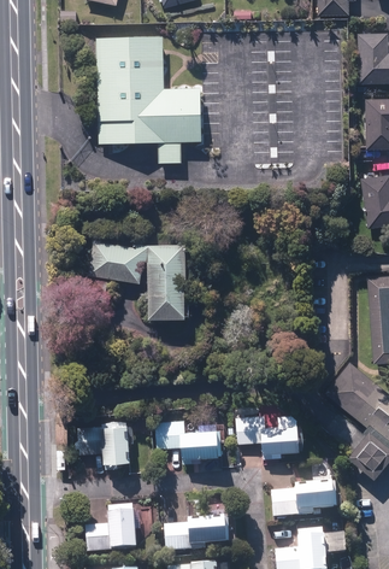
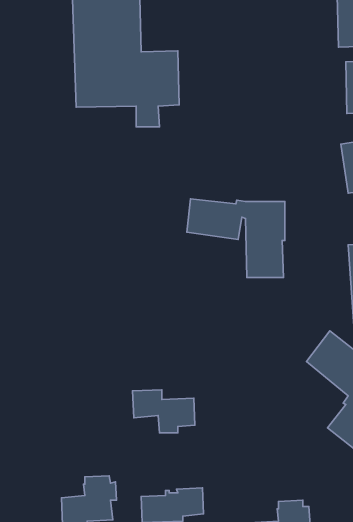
building: [89,242,185,319] -> [187,199,285,277]
building: [236,415,299,459] -> none
building: [77,422,134,469] -> none
building: [271,482,336,518] -> none

